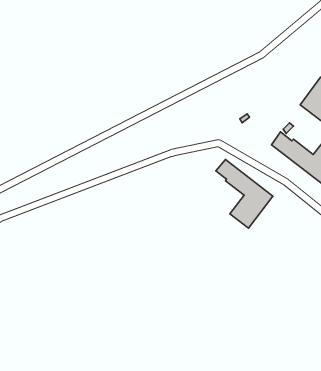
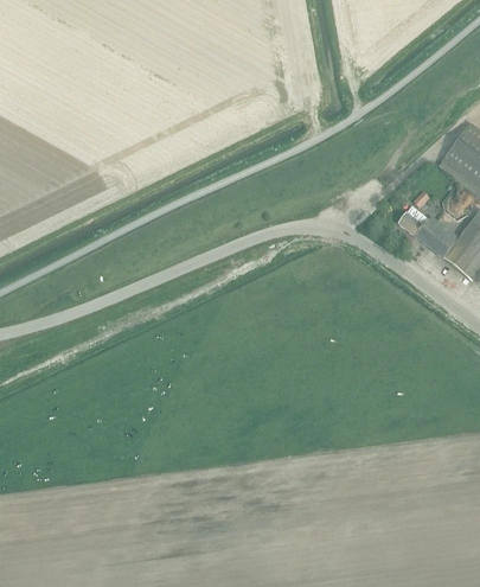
building: [216,159,273,228] -> none

